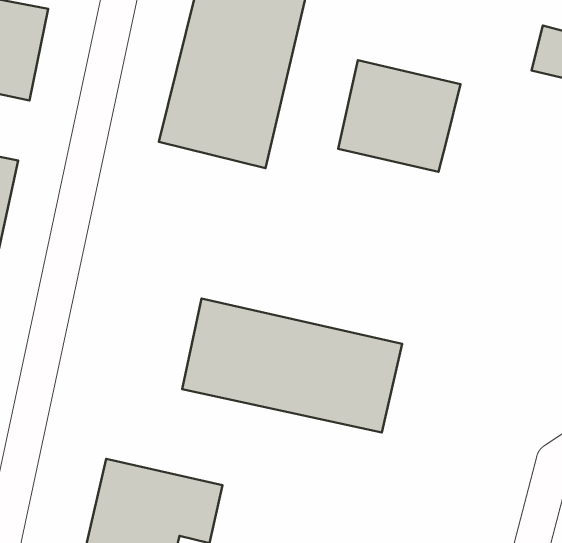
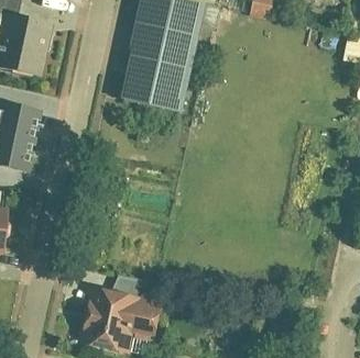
building: [338,60,460,172] -> none
building: [182,298,402,432] -> none

